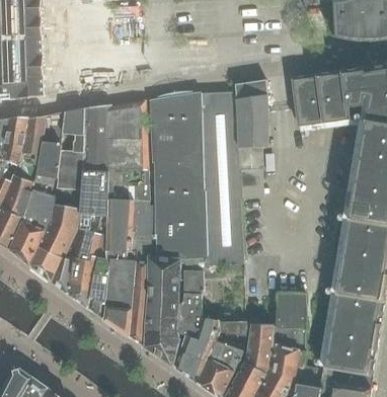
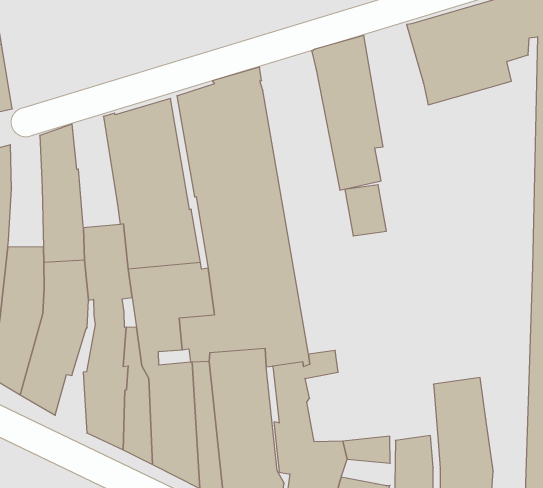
building: [199,95,242,264] -> none
building: [83,105,103,171] -> none
building: [34,111,63,178] -> none
building: [49,230,79,293] -> none

